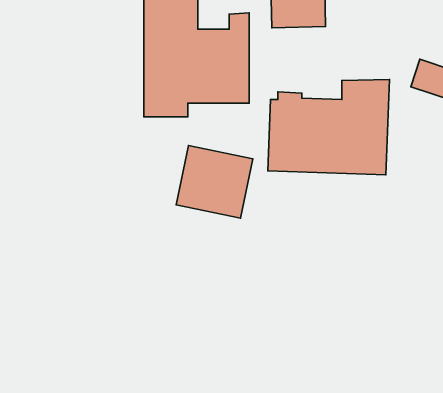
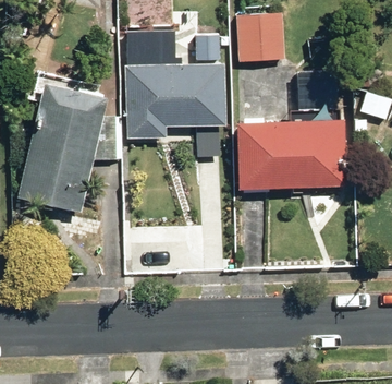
building: none -> [16,84,125,214]
building: [176,146,253,218] -> none

